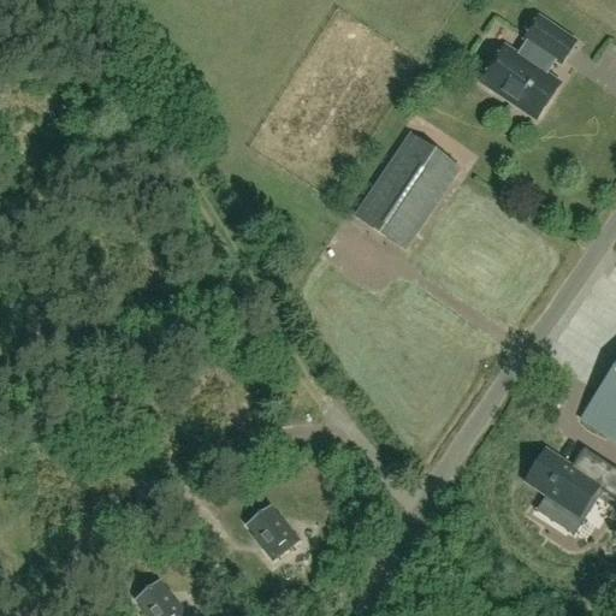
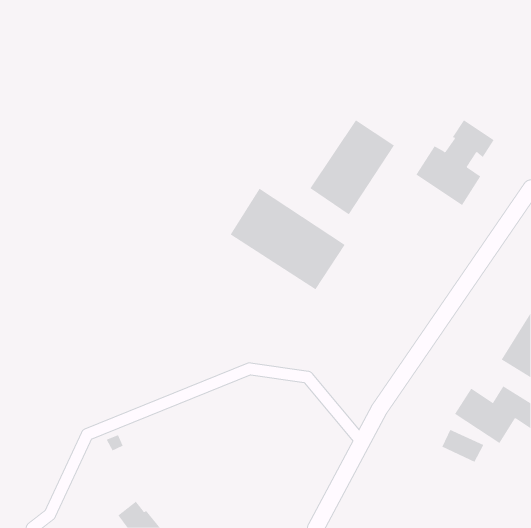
building: [482,17,574,117] -> [416,119,495,206]
building: none -> [230,188,346,290]
building: [247,505,298,559] -> none

